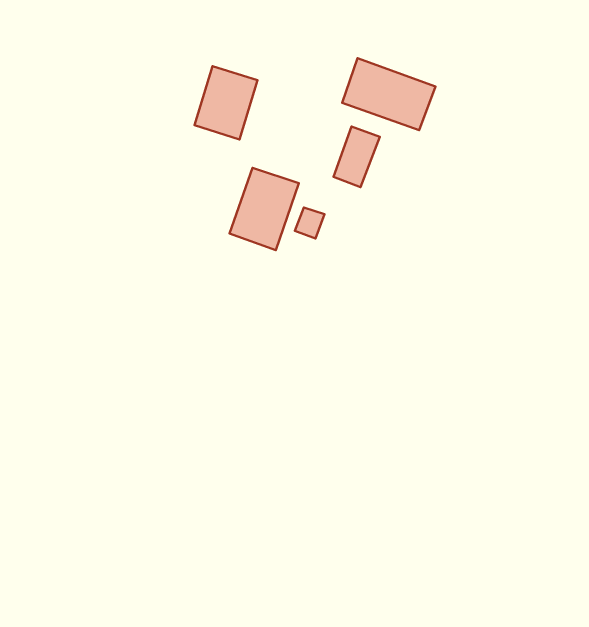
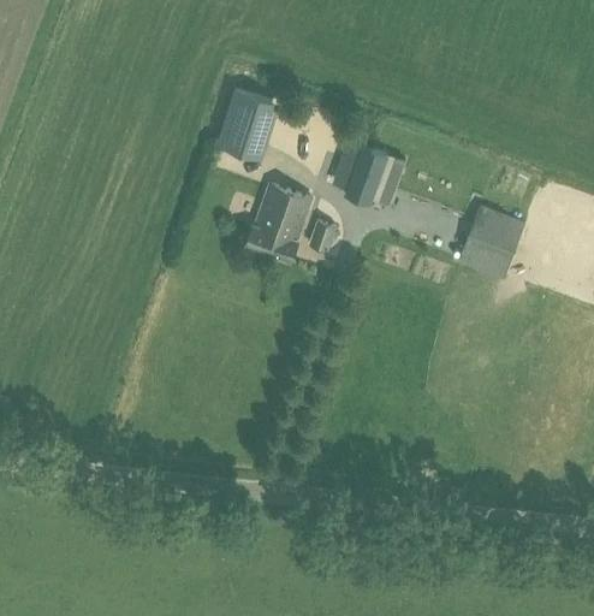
building: [342,58,436,130] -> none
building: none -> [458,206,527,279]

